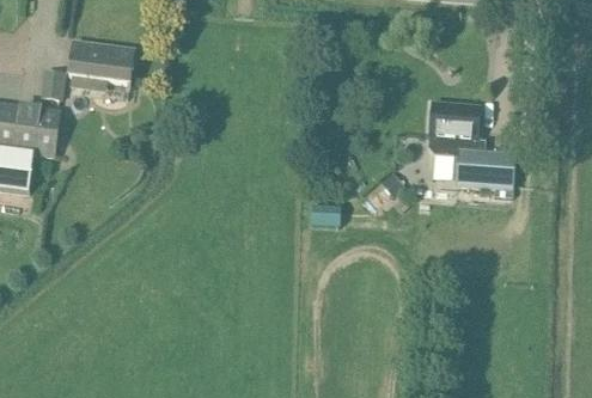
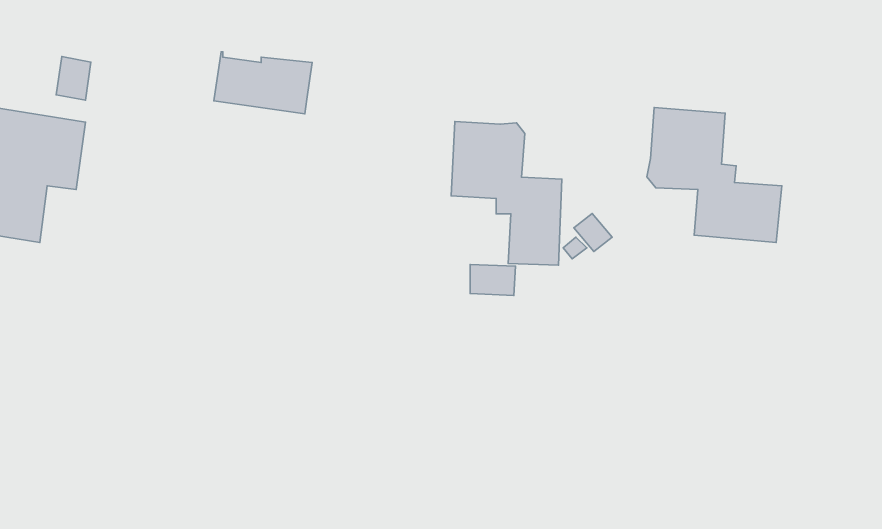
building: [68,41,133,81] -> [214,52,312,114]
building: none -> [451,121,562,265]

